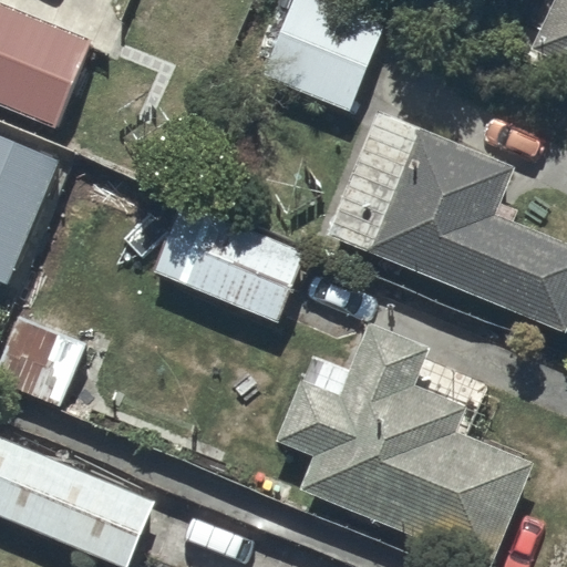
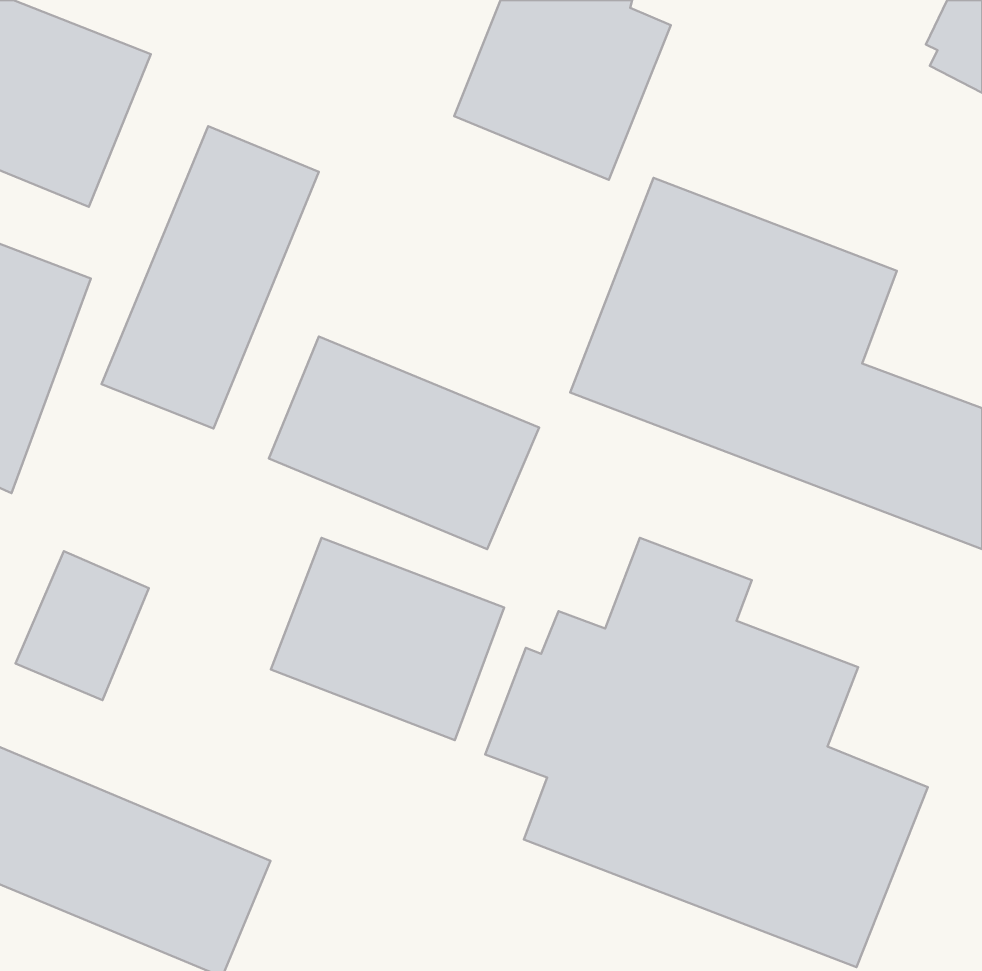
building: none -> [102,126,319,428]
building: none -> [271,538,504,740]

